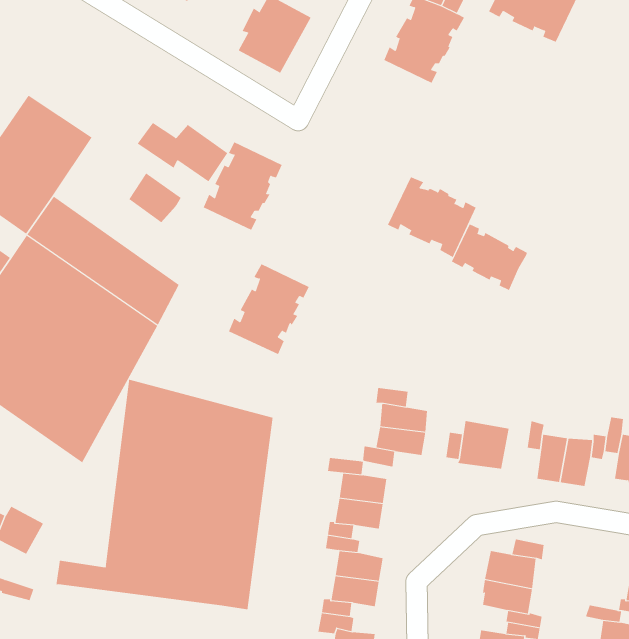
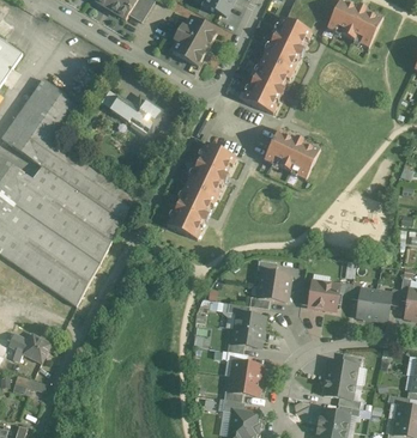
building: none -> [242,57,291,114]
building: [203,141,282,231] -> [186,142,235,197]
building: [128,172,182,223] -> none
building: [451,223,527,291] -> none
building: [56,379,273,610] -> none

